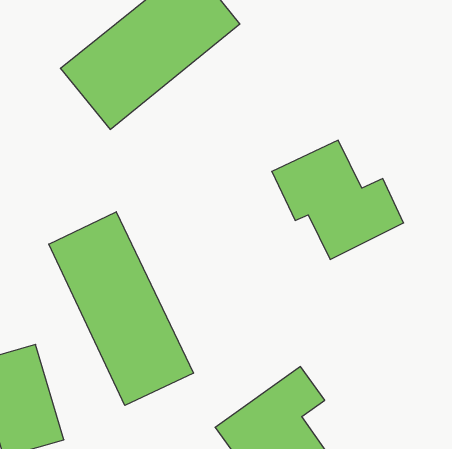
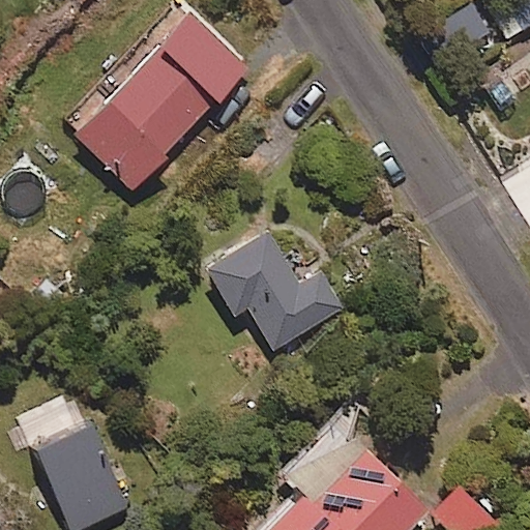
building: [272,140,404,259] -> [205,232,344,352]
building: [49,212,193,405] -> none

